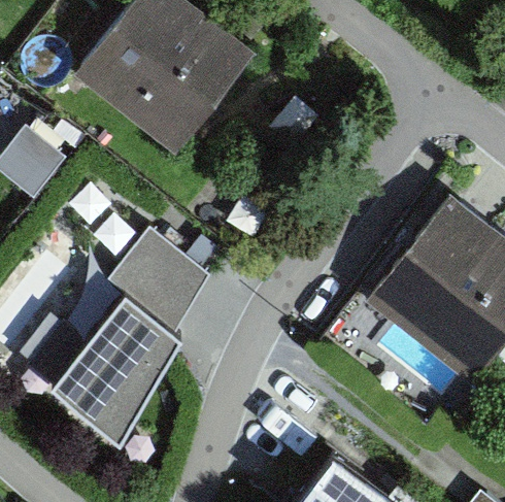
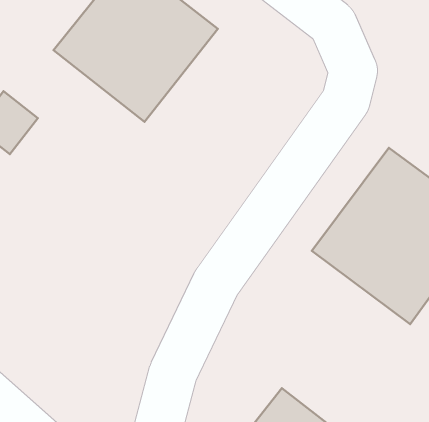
building: [29,229,207,435] -> none

